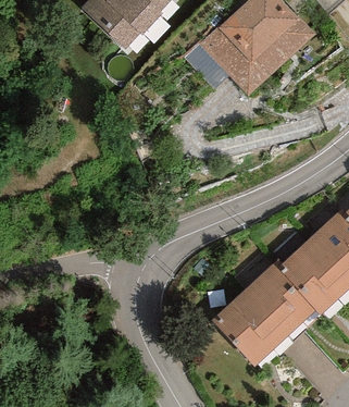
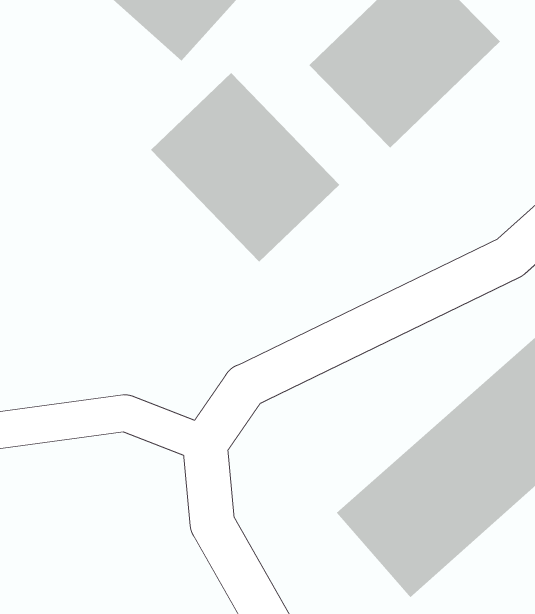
building: none -> [150,72,340,262]

